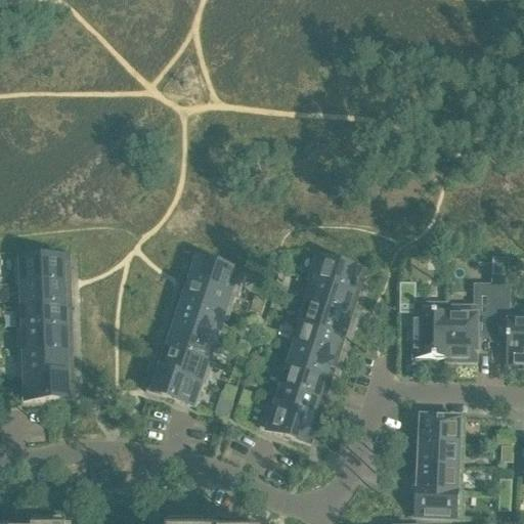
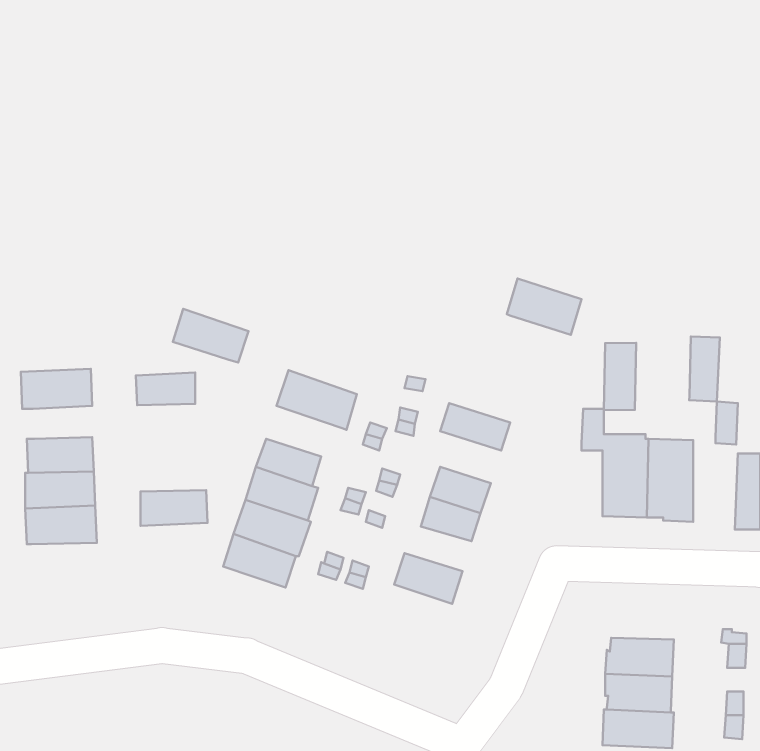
building: none -> [689,336,720,402]
building: none -> [604,343,636,410]
building: [307,252,358,291] -> [507,278,581,335]
building: [23,279,63,302] -> [136,373,195,405]
building: [183,279,235,316] -> [173,309,249,362]
building: [296,297,345,333] -> none
building: [278,360,324,393] -> none
building: [21,374,68,398] -> [141,490,208,526]
building: [259,401,311,439] -> none
building: [419,413,465,440] -> none

